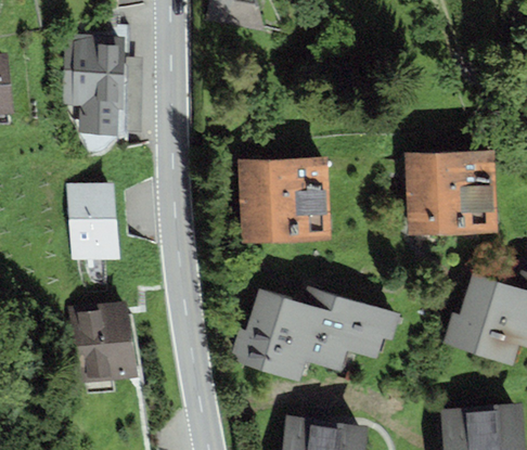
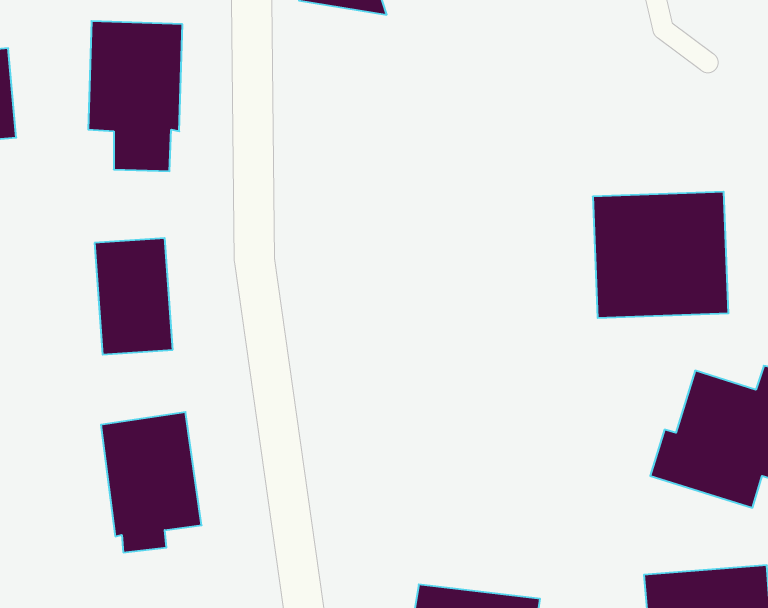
building: [239,156,332,242] -> none
building: [229,284,401,382] -> none

